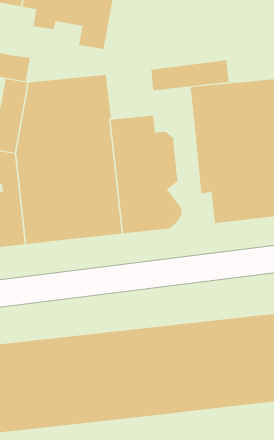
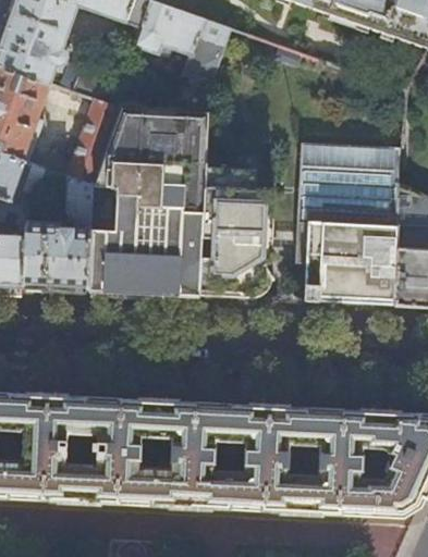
building: [151,59,229,91] -> none

